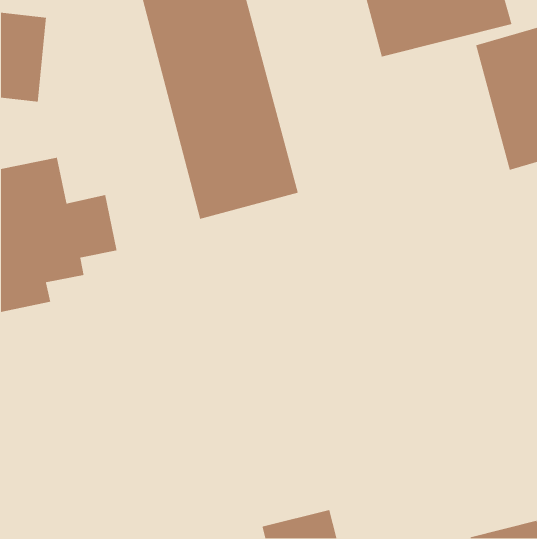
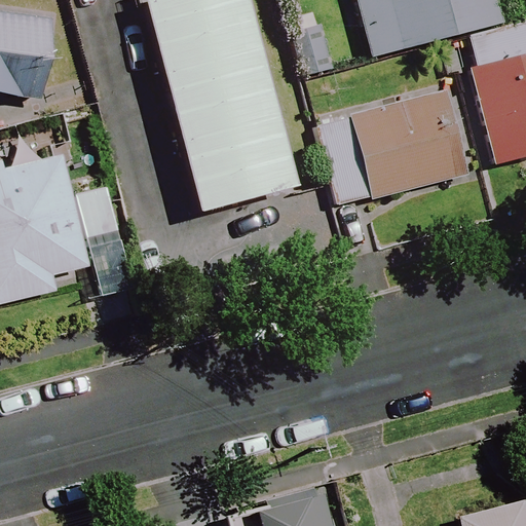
building: none -> [317,91,473,208]

